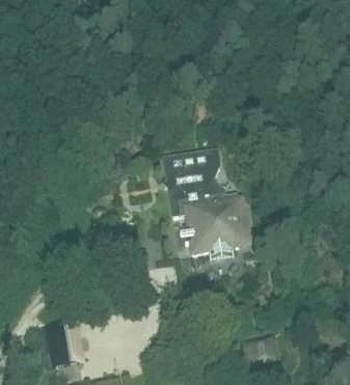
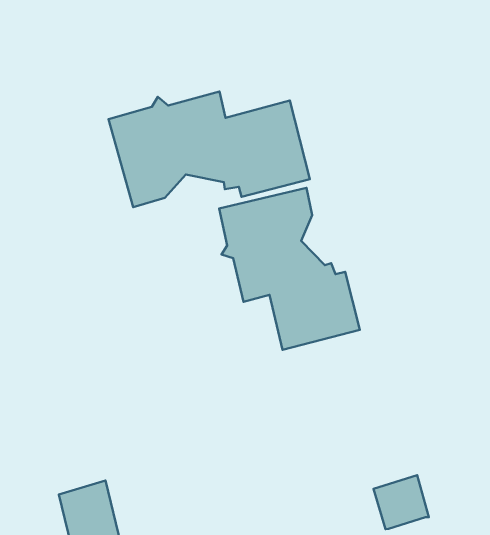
building: none -> [109,91,310,207]

